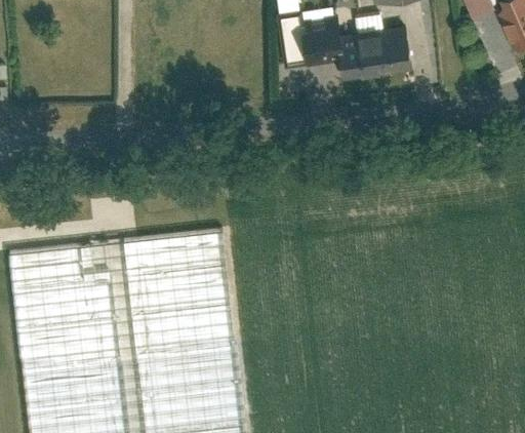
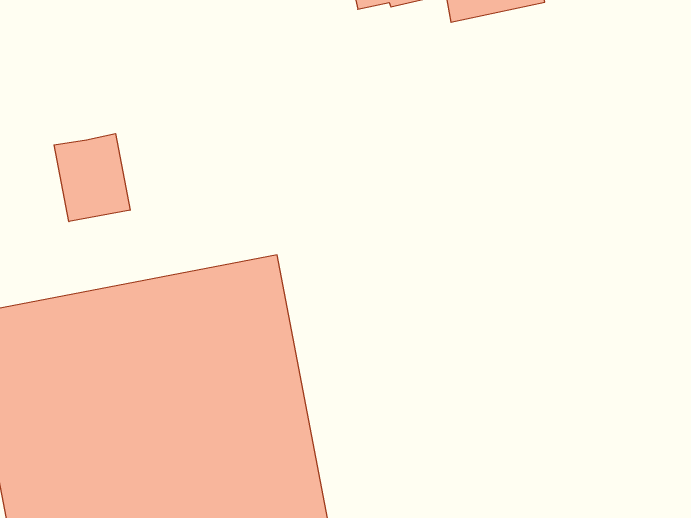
building: none -> [54,134,130,222]

